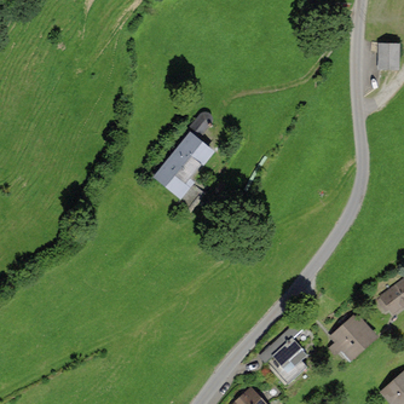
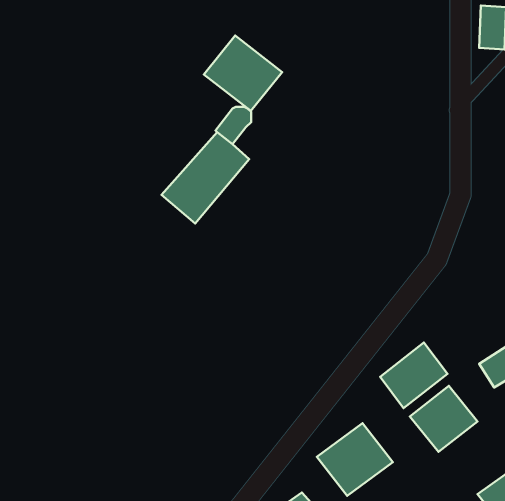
building: none -> [204,36,282,111]
building: none -> [380,342,447,408]

